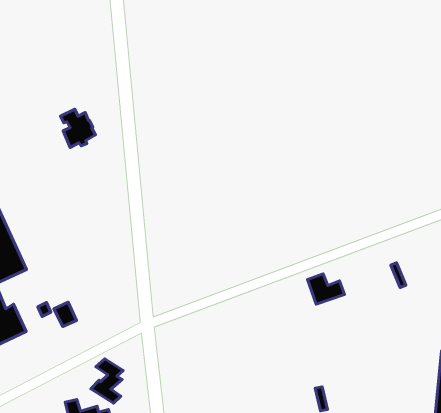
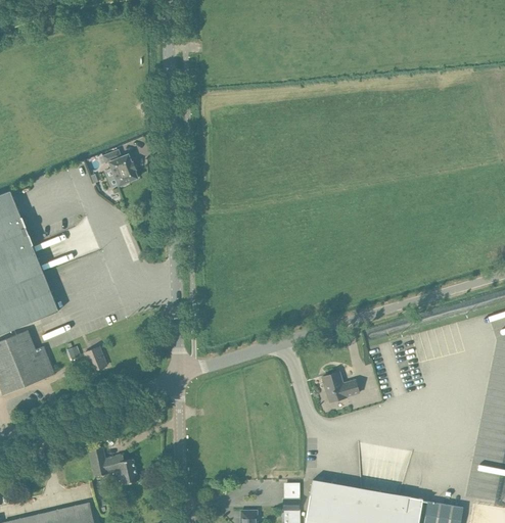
building: [308,274,344,304] -> [322,371,359,401]
building: [91,359,123,403] -> none

